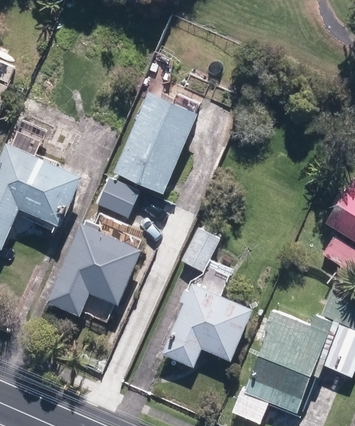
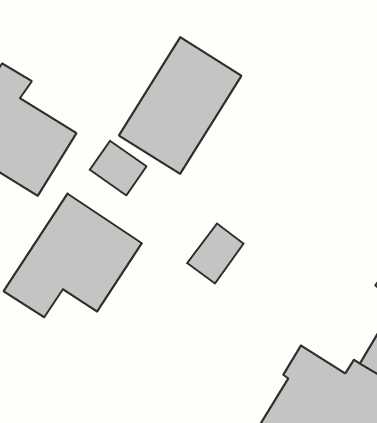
building: [161,282,253,368] -> none

